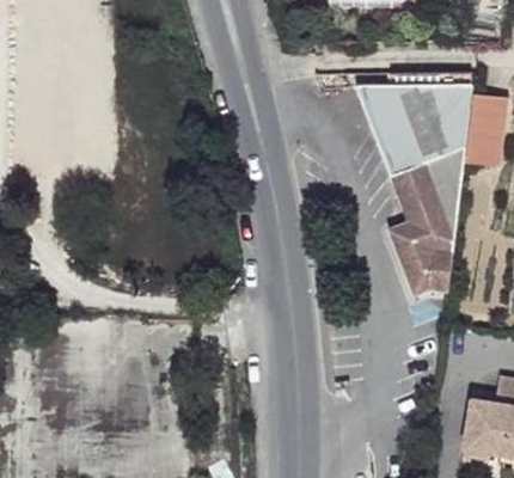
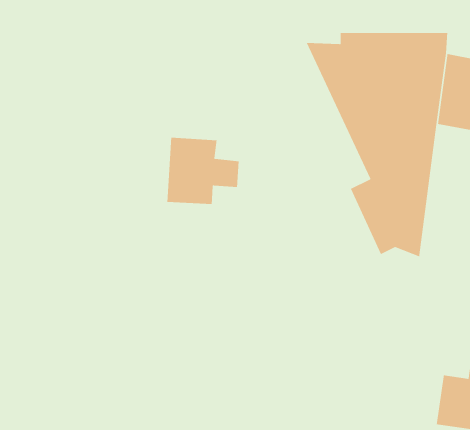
building: none -> [167,137,240,205]

